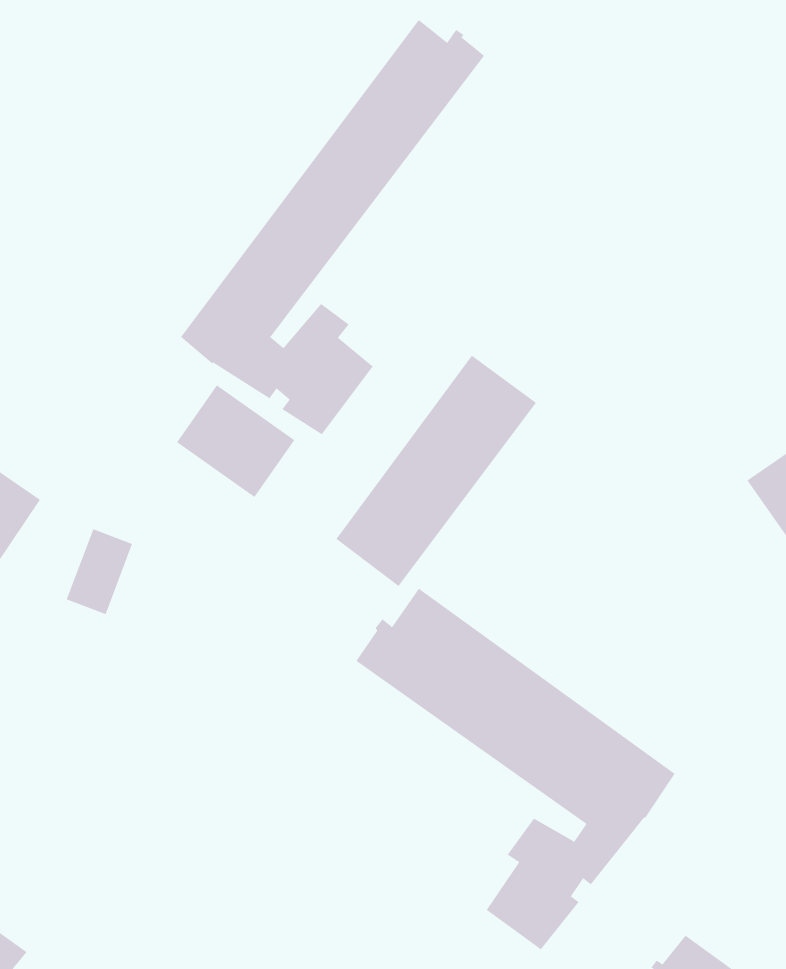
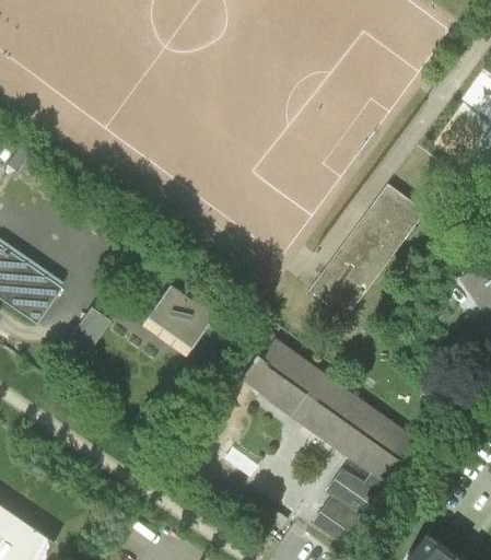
building: [180,19,485,435] -> none
building: [335,355,537,587] -> [311,185,425,317]
building: [176,385,295,498] -> [144,284,212,349]

